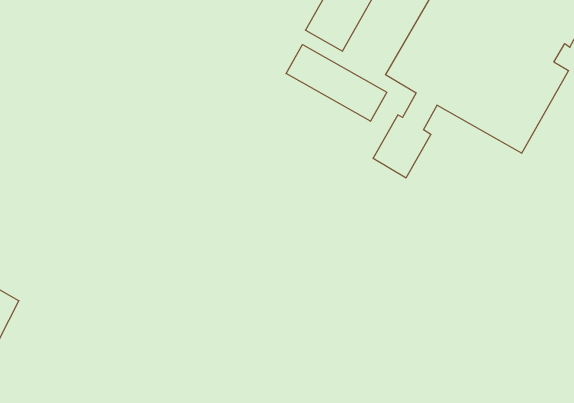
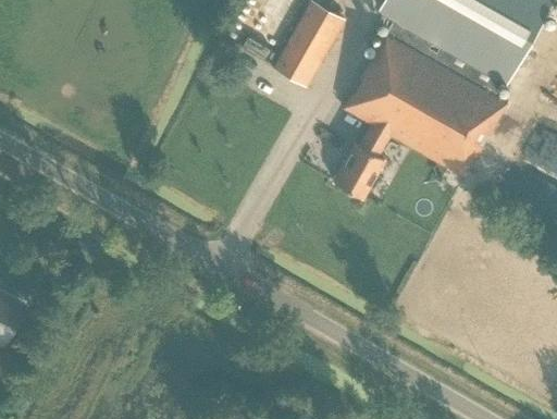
building: [286,45,387,121] -> none

